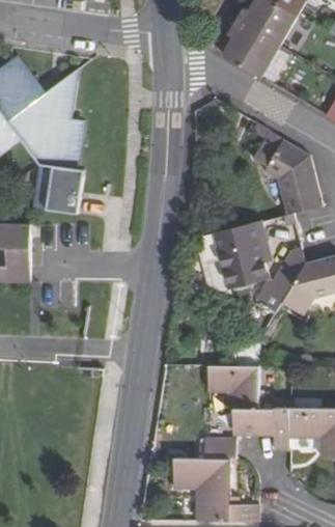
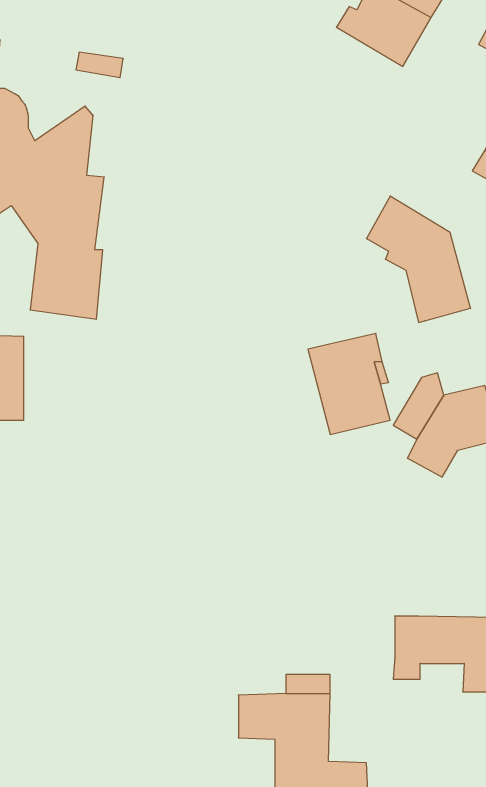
building: [223,21,279,77] -> none
building: [206,365,274,435] -> none

